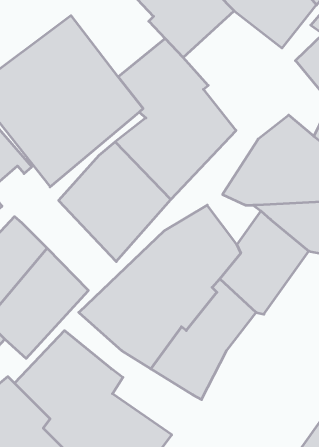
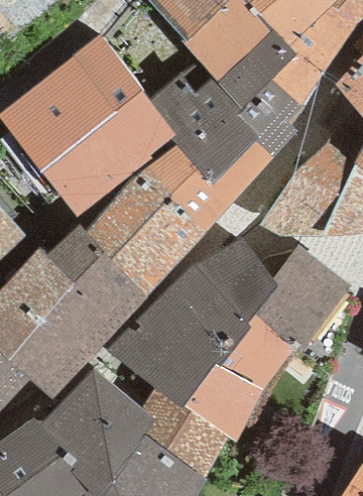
building: none -> [216,33,320,159]
building: none -> [46,227,145,328]
building: none -> [140,391,226,480]

